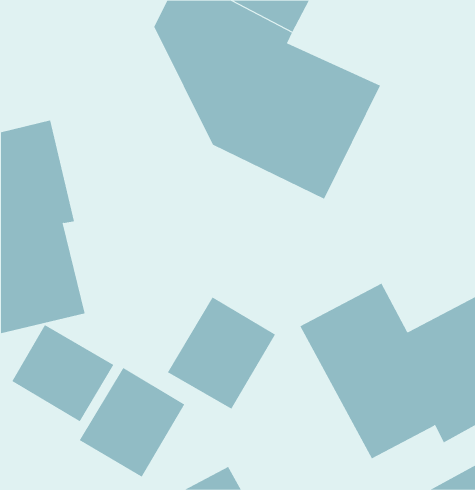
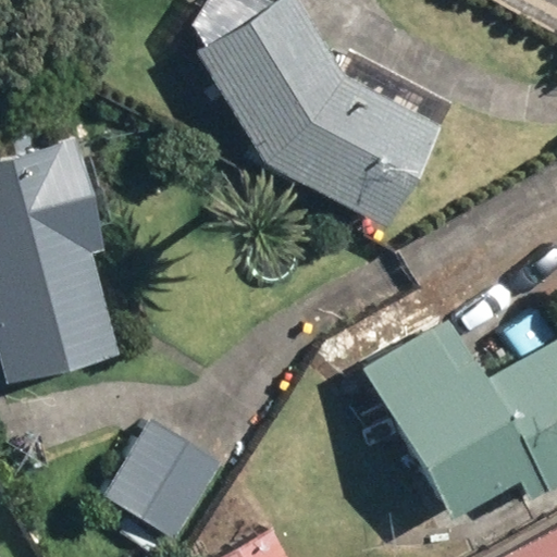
building: [167,296,276,410] -> none
building: [12,324,114,422] -> none

